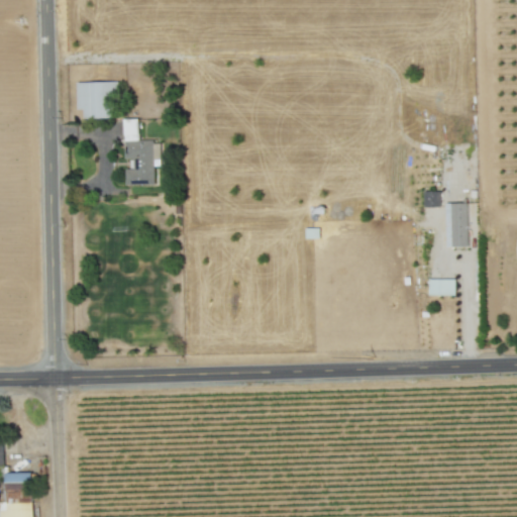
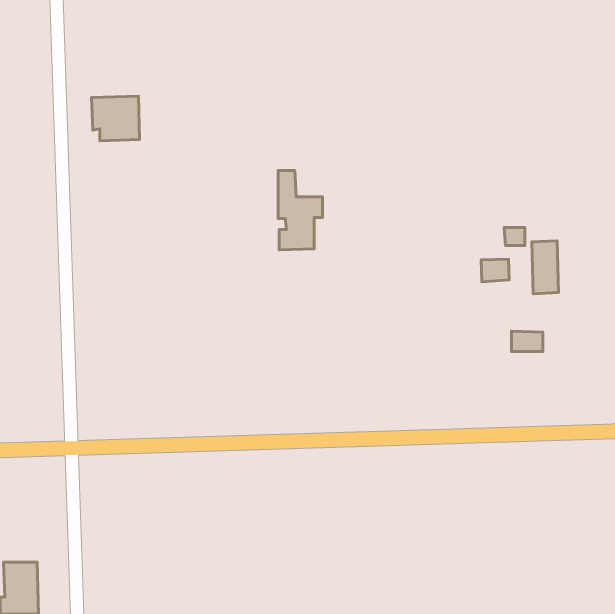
building: [124,118,162,185] -> [278,170,323,250]
building: none -> [481,259,509,282]

